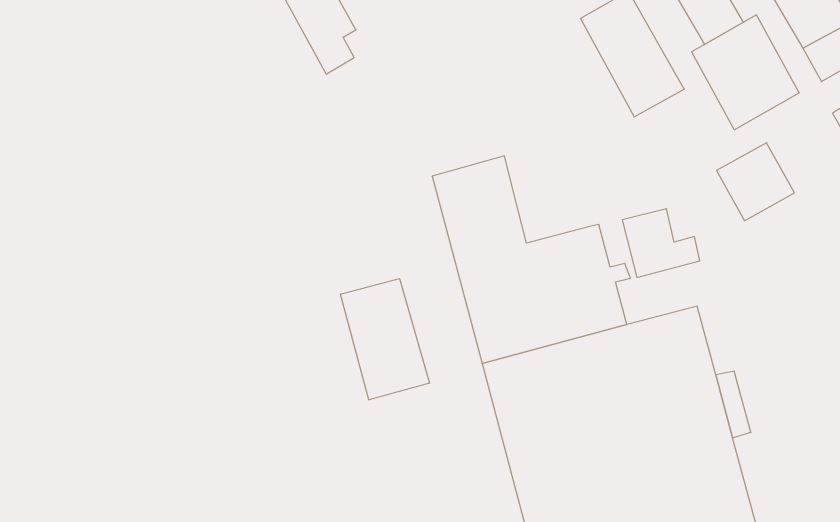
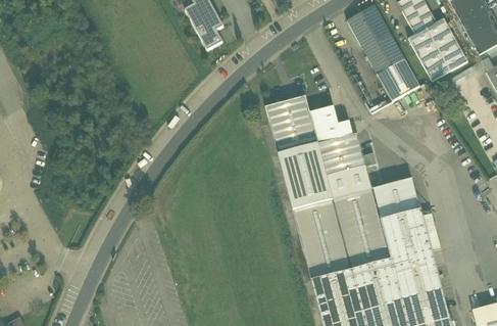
building: [717,143,794,221] -> [377,57,419,100]
building: [622,209,700,277] -> [309,104,352,142]
building: [340,279,429,400] -> none

